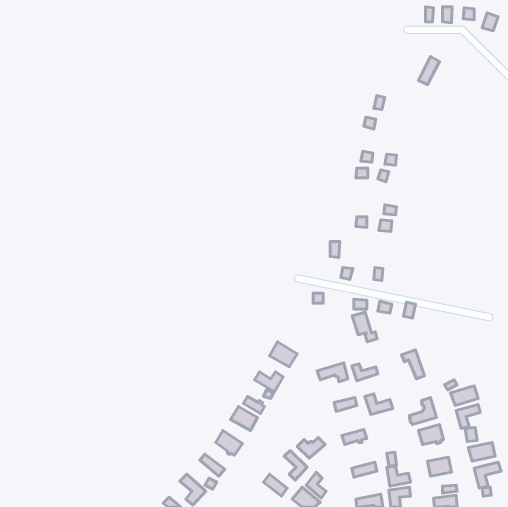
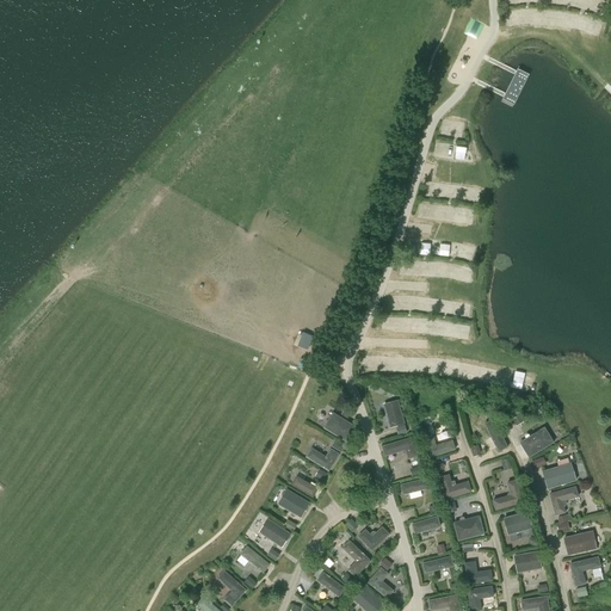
building: [352,312,377,342] -> [382,399,412,434]
building: none -> [519,425,554,457]
building: none -> [452,514,485,539]

